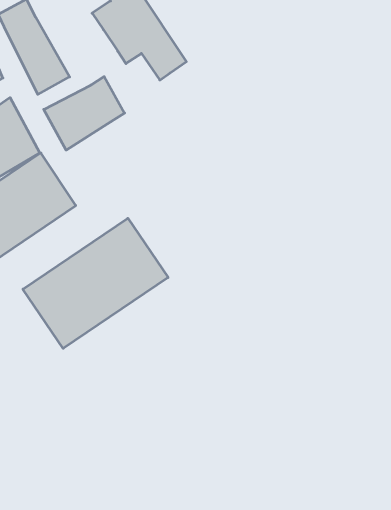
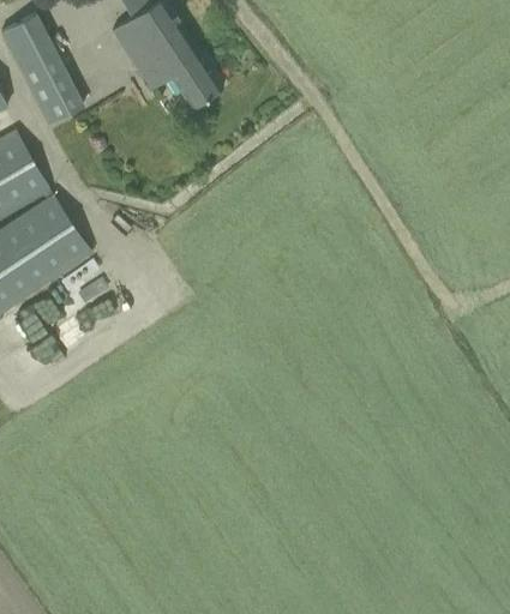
building: [44,77,125,150] -> none
building: [23,218,168,348] -> none

